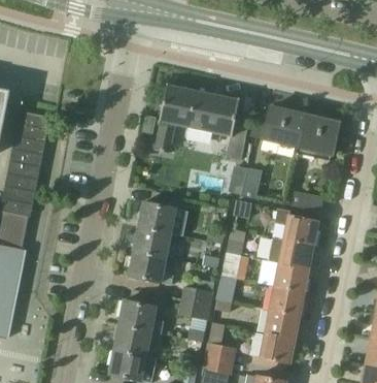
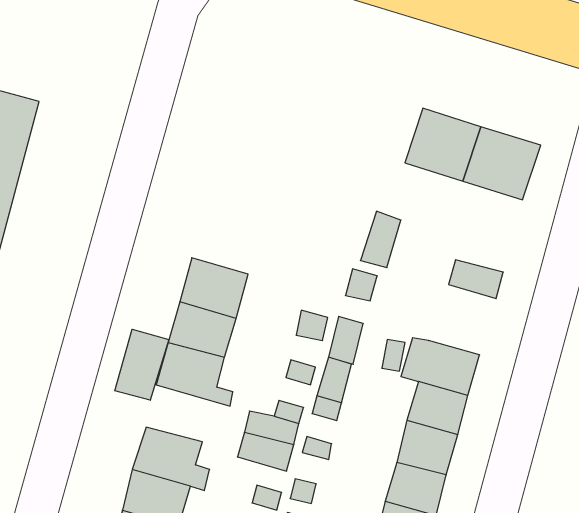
building: [155,84,247,159] -> none
building: [274,208,317,245] -> none
building: none -> [115,329,169,400]

